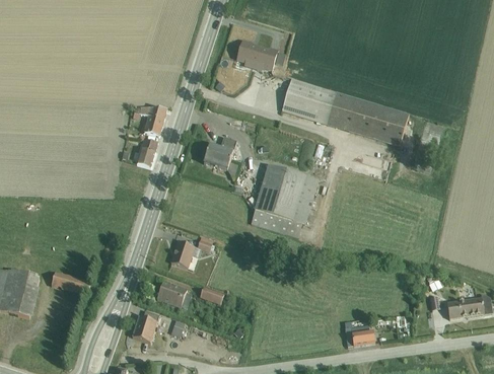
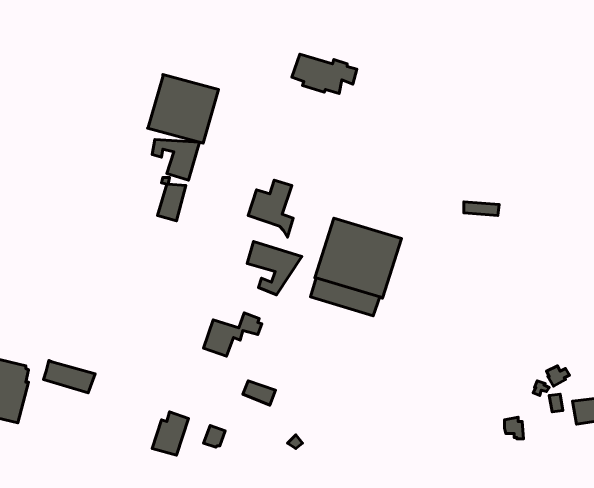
building: none -> [148,75,219,143]
building: [281,77,409,145] -> none
building: none -> [247,241,302,295]
building: [157,283,191,308] -> none
building: [345,324,374,347] -> none

